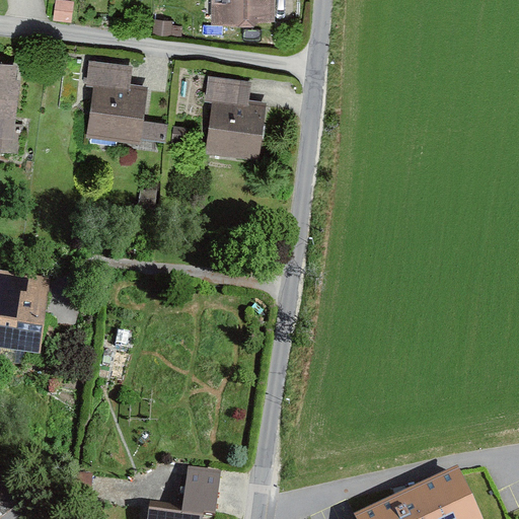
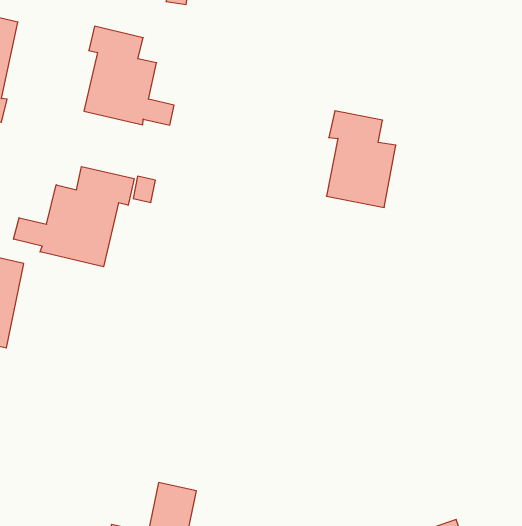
building: [204,77,265,159] -> [326,111,396,207]
building: none -> [14,167,134,267]

